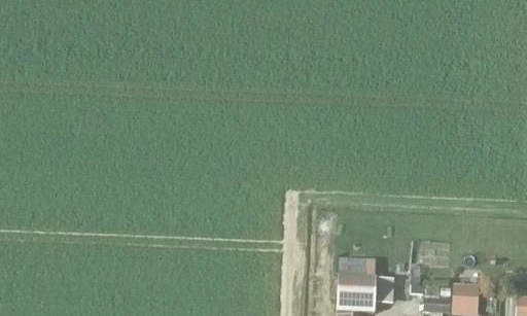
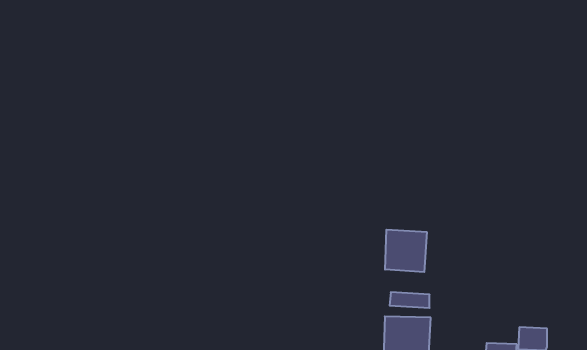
building: none -> [385,230,427,272]

